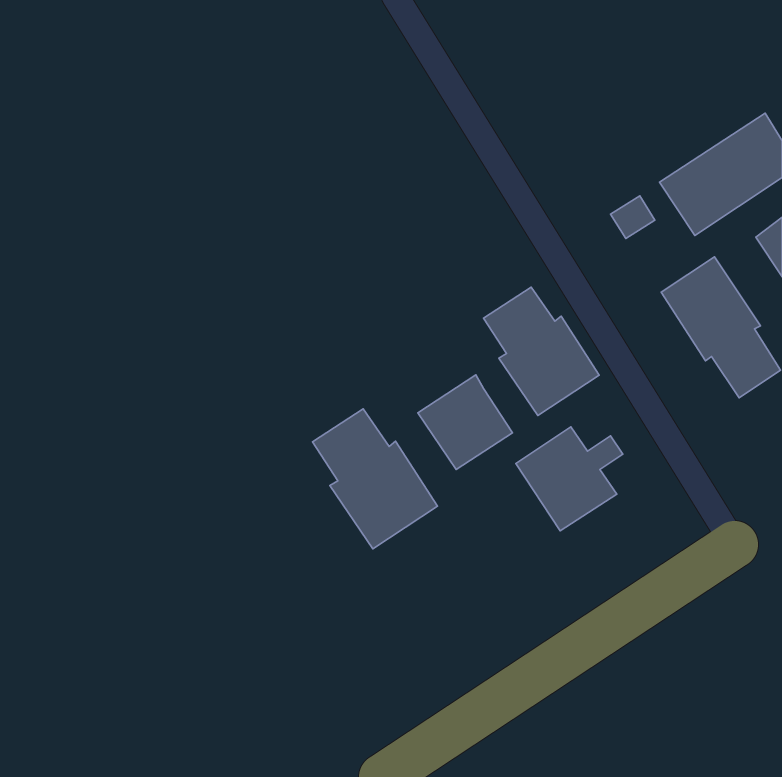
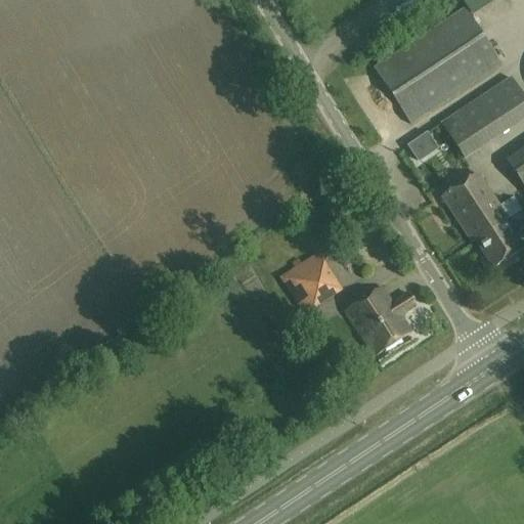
building: none -> [374,6,503,122]
building: [484,287,599,416] -> none
building: [313,409,438,549] -> none

